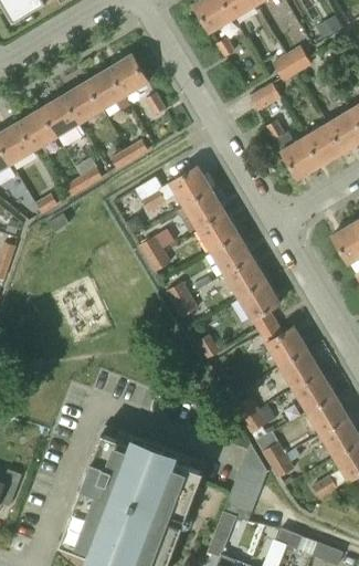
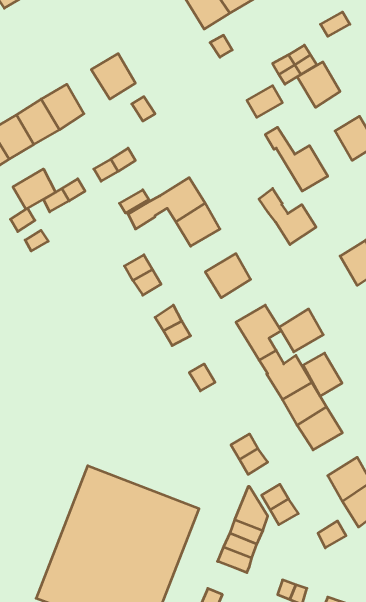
building: [86,69,125,108] -> none
building: [305,124,344,165] -> [297,62,340,107]
building: none -> [13,169,56,209]
building: none -> [259,188,316,245]
building: [198,212,239,251] -> none
building: [225,258,265,296] -> [279,309,323,352]
building: none -> [303,353,342,396]
building: [308,396,348,434] -> none

